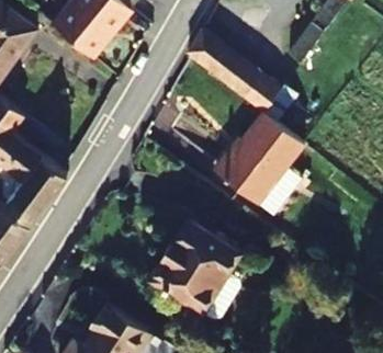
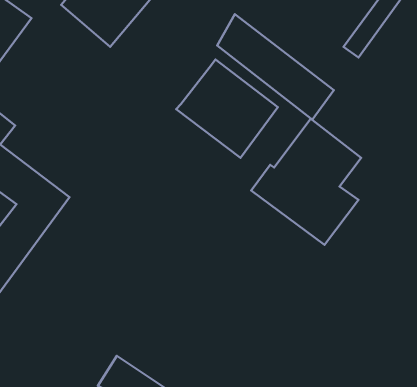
building: none -> [176,60,278,158]
building: [153,221,239,310] -> none

